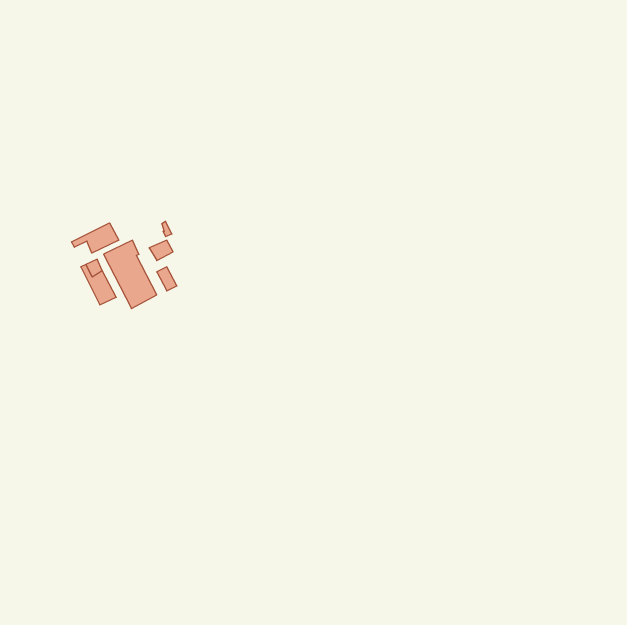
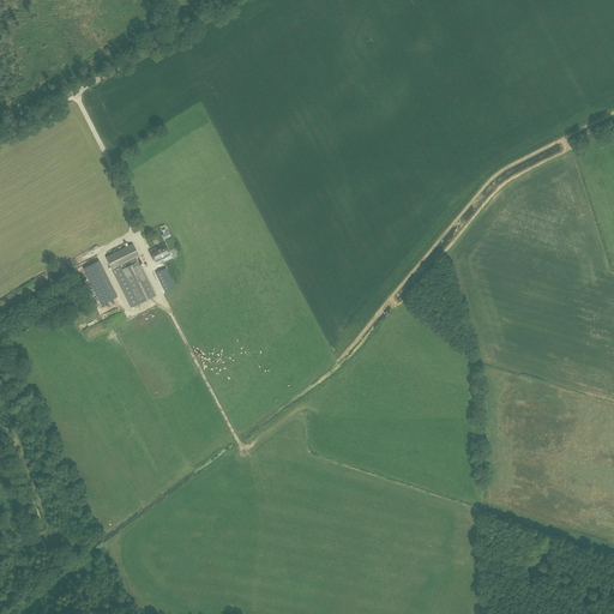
building: [72,223,119,253] -> none

